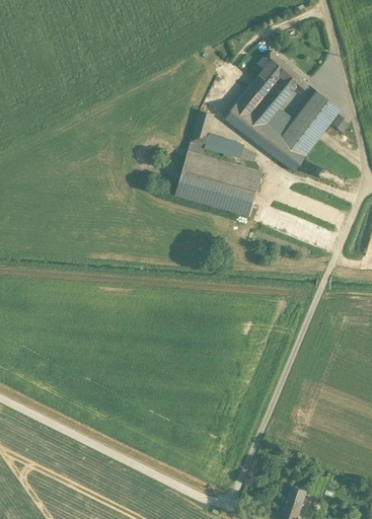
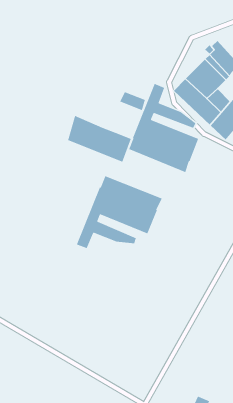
building: none -> [119,91,146,111]
building: none -> [67,115,132,163]
building: none -> [76,175,163,249]

